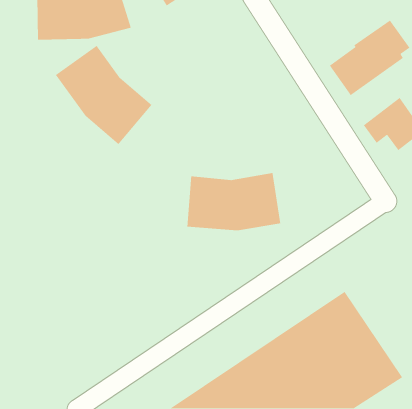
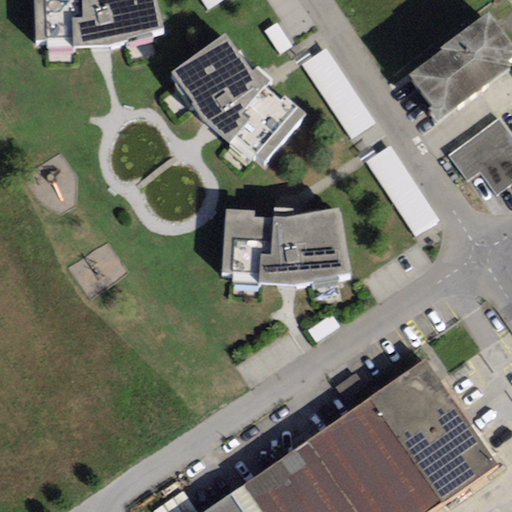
building: none -> [301,47,375,139]
building: [55,45,153,145] -> [174,41,295,165]
building: none -> [365,145,440,237]

